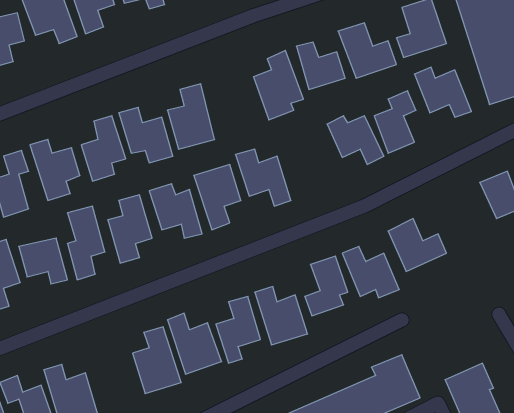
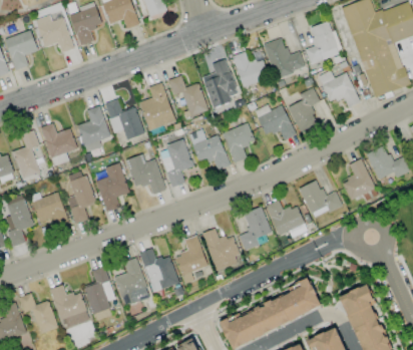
building: none -> [168,75,208,116]
building: none -> [222,123,255,163]
building: none -> [341,158,375,200]
building: none -> [83,267,115,314]

